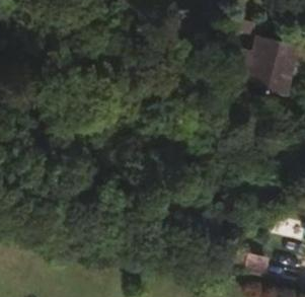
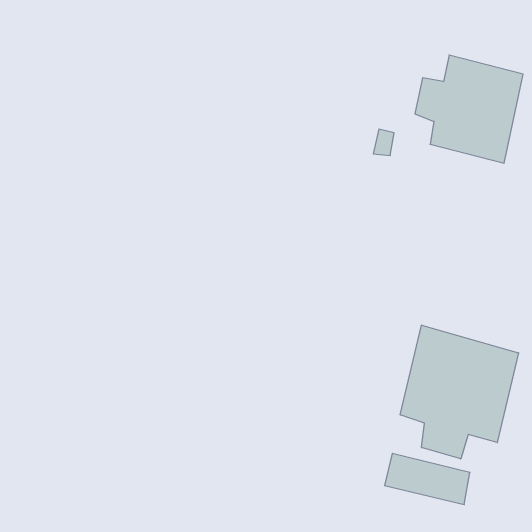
building: none -> [400,325,519,459]

